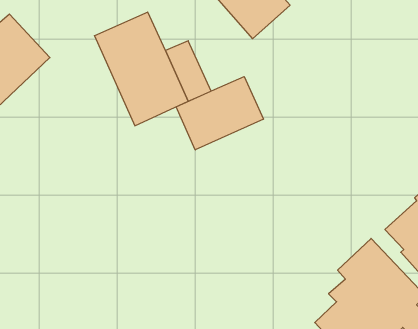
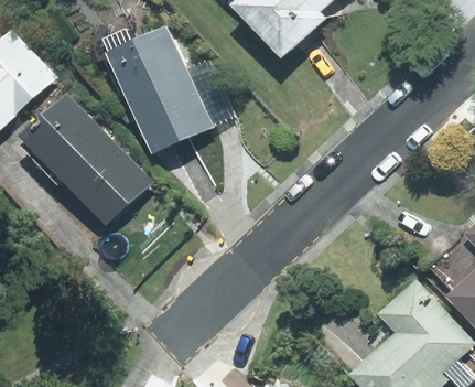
building: none -> [19,94,151,224]
building: [176,77,263,150] -> none

